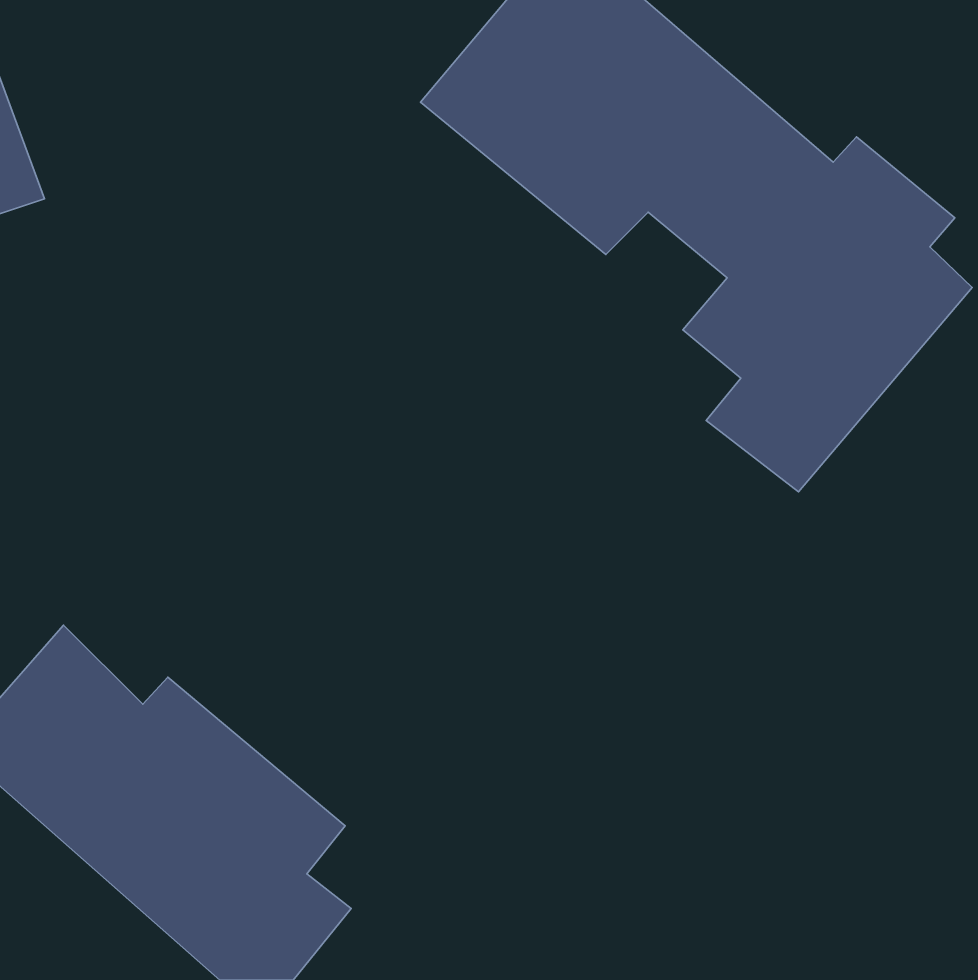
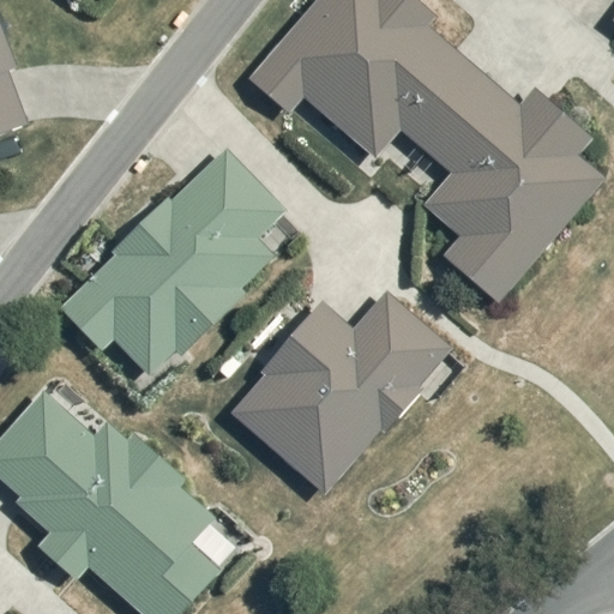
building: none -> [58,148,284,374]
building: none -> [231,290,450,493]

